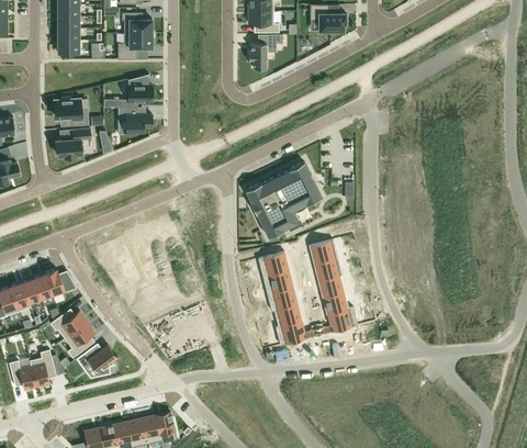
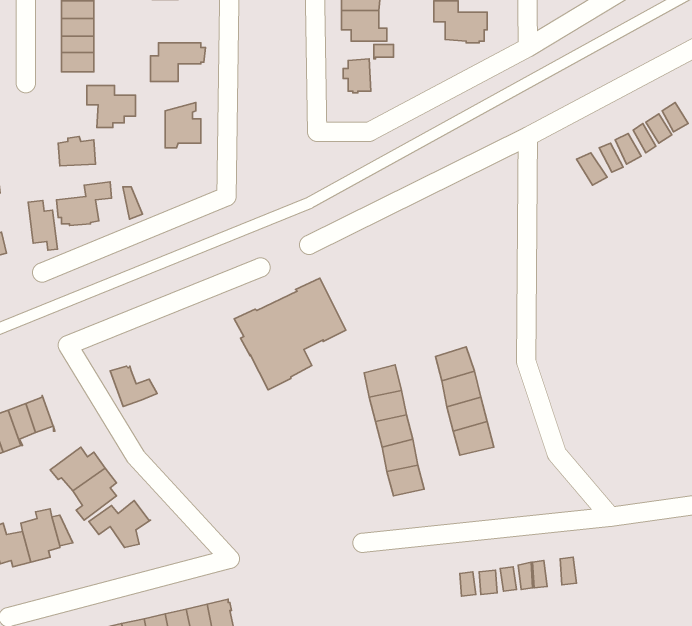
building: [122,13,152,34] -> none
building: [119,108,152,136] -> [87,85,136,128]
building: none -> [28,200,58,250]
building: [245,163,321,238] -> [234,278,346,390]
building: [44,270,76,298] -> [110,366,157,407]
building: [327,309,355,332] -> none

